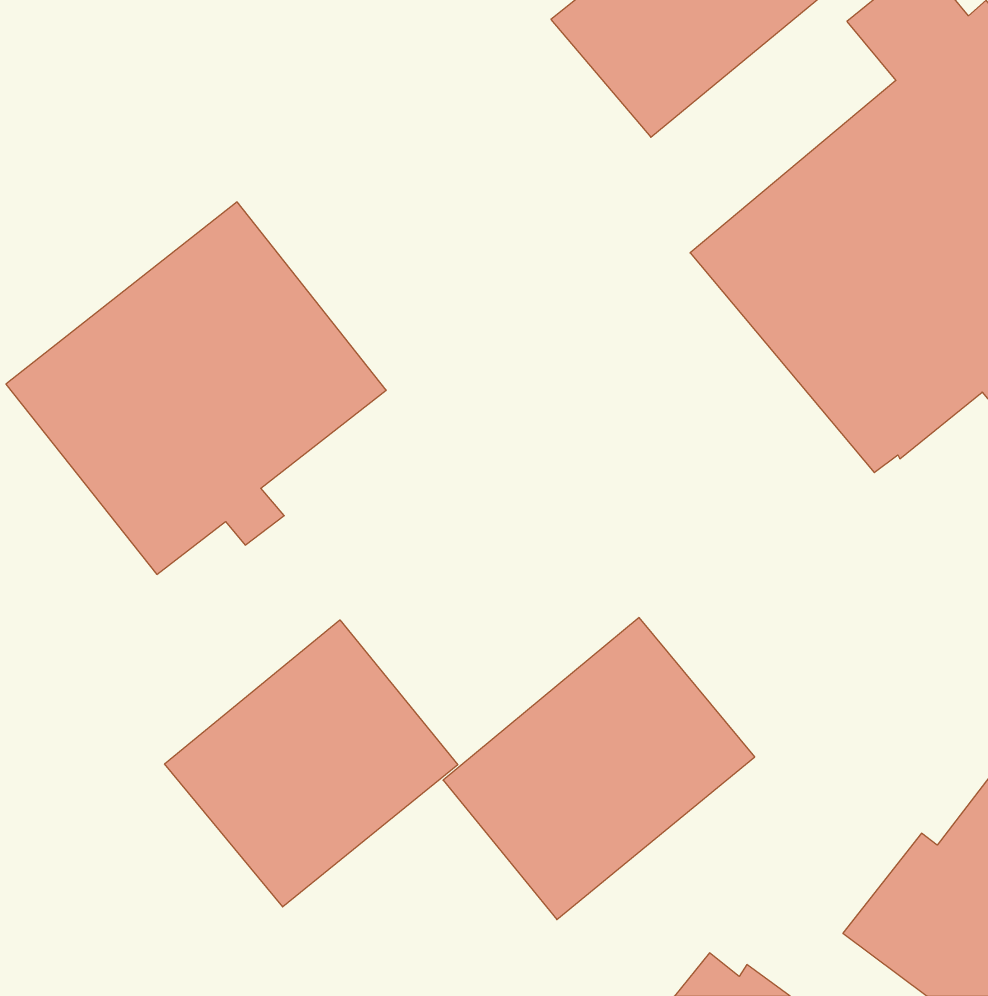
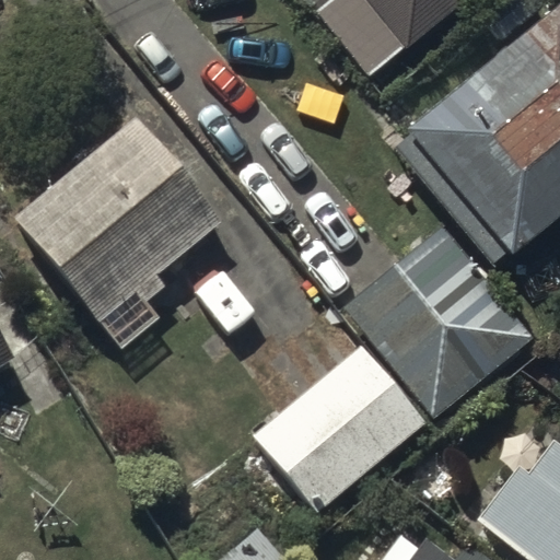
building: none -> [345,225,535,418]
building: [165,620,458,907] -> none

